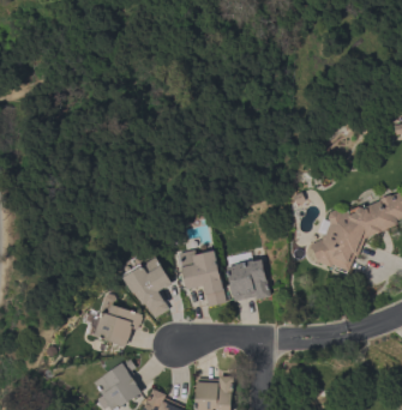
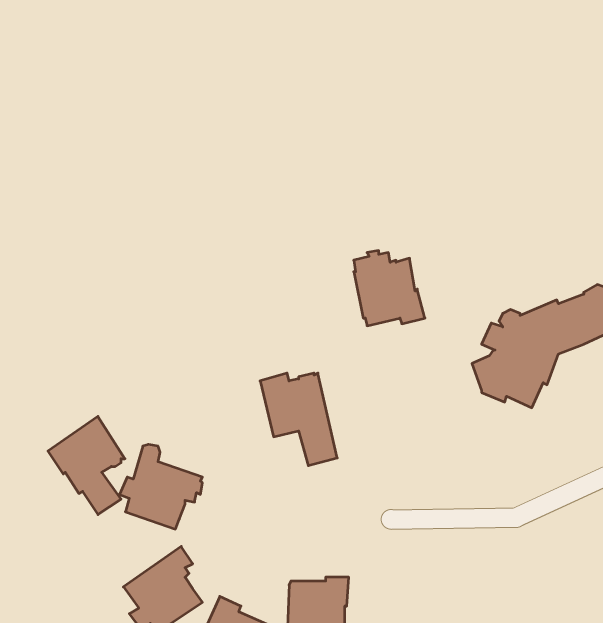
building: [226,254,270,301] -> [354,251,425,326]
building: [124,257,172,318] -> [48,416,125,515]

